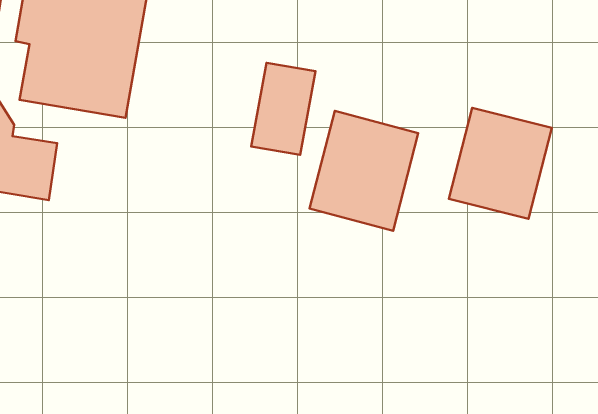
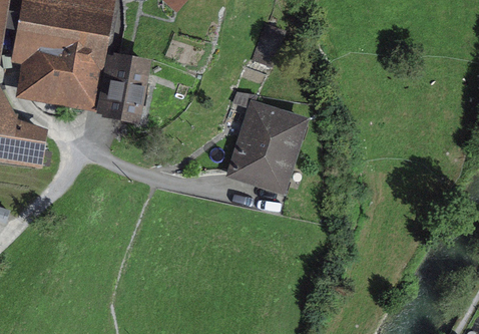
building: [251,63,315,155] -> [104,54,150,120]
building: [449,108,552,219] -> none

